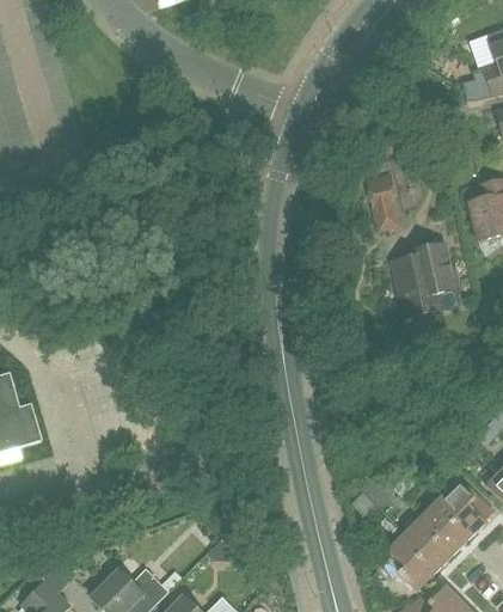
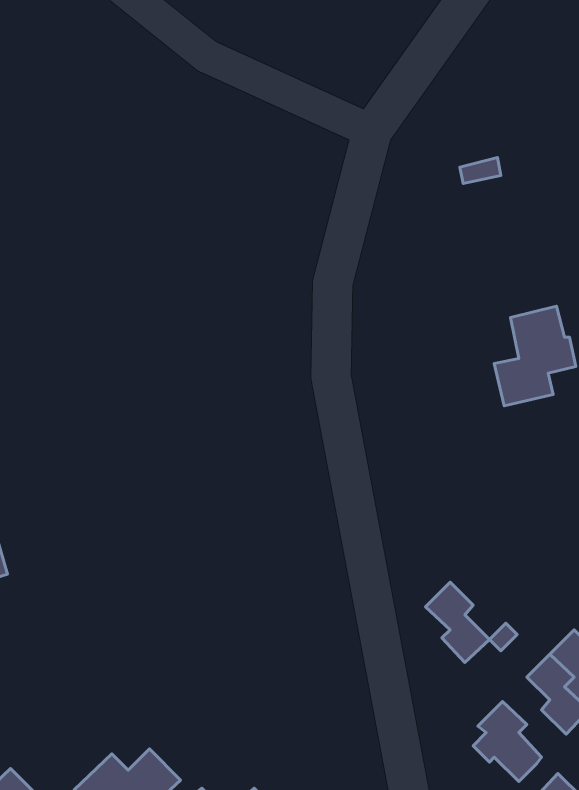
building: [368,173,403,234] -> none
building: [404,515,450,574] -> [426,582,489,662]

